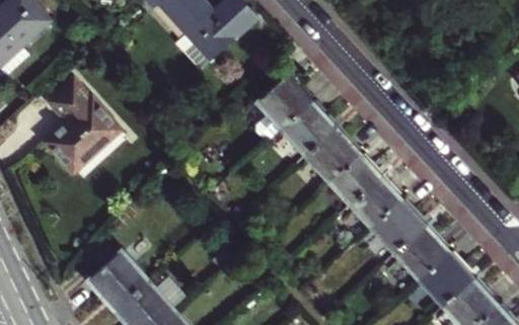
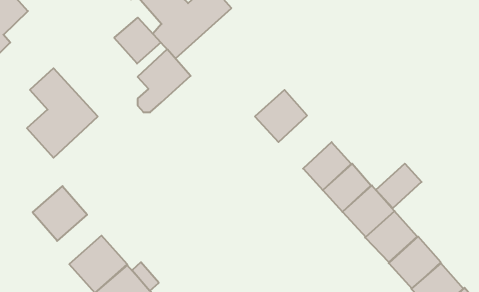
building: none -> [114,18,161,64]
building: [257,75,312,140] -> [138,49,191,112]
building: [306,130,360,182] -> none
building: none -> [376,164,422,208]
building: none -> [33,186,87,241]

